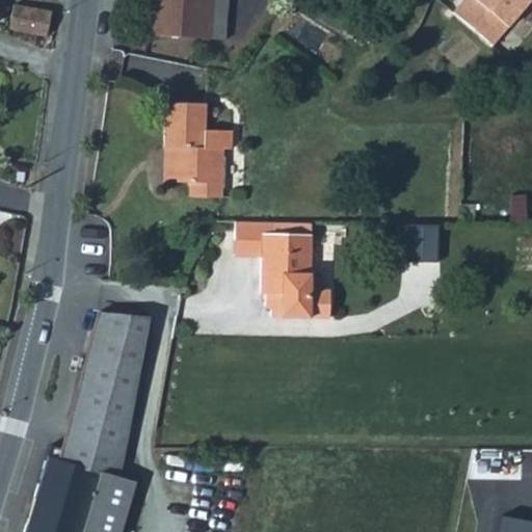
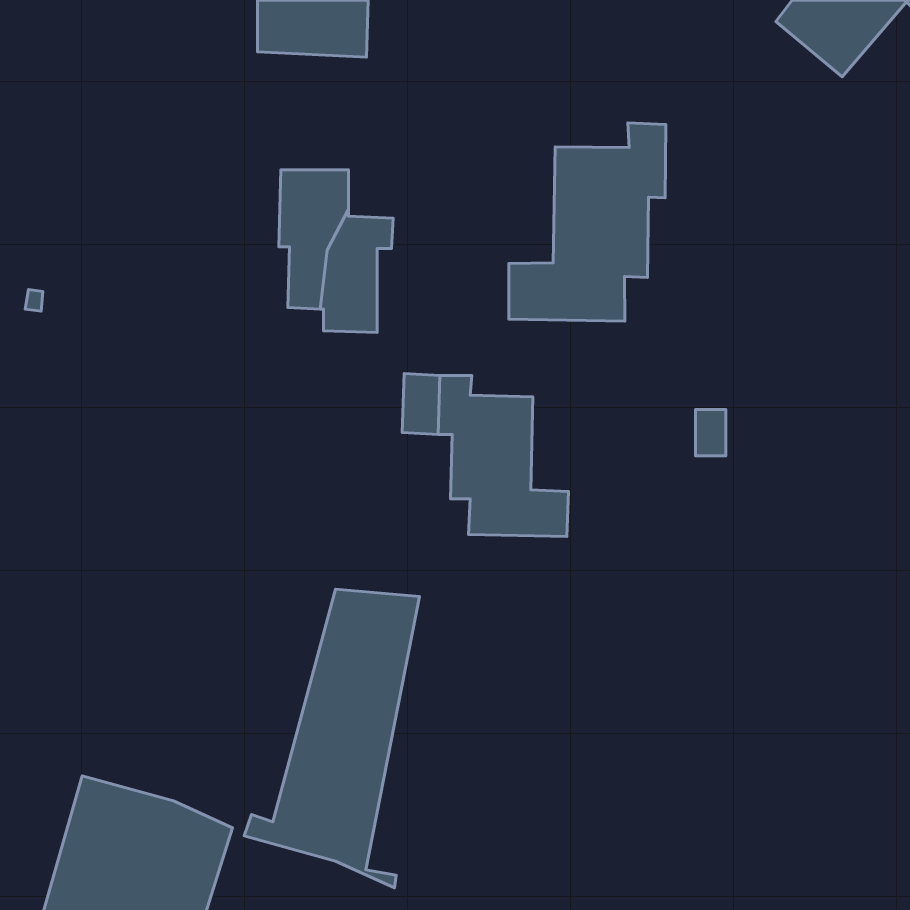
building: [12,6,53,38] -> none
building: none -> [509,123,666,321]
building: [50,310,152,483] -> [244,589,420,888]

